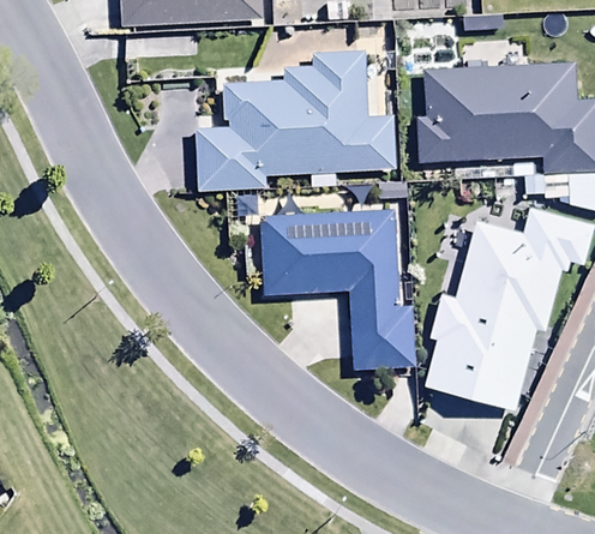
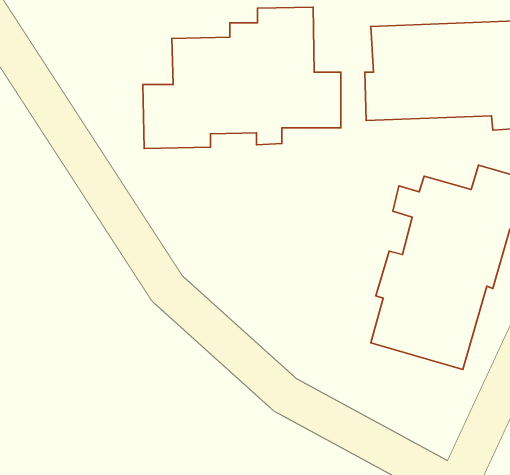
building: [262,210,414,367] -> none

